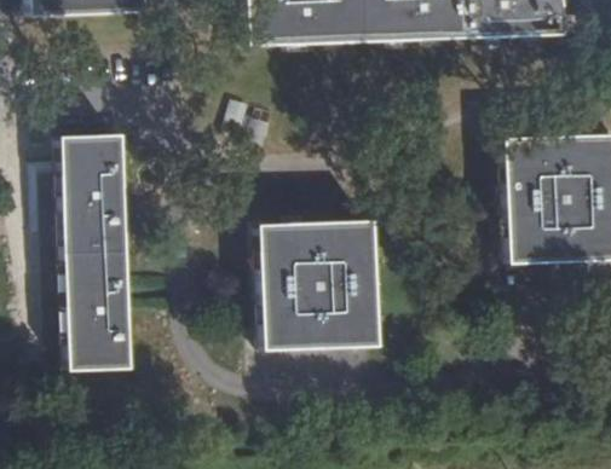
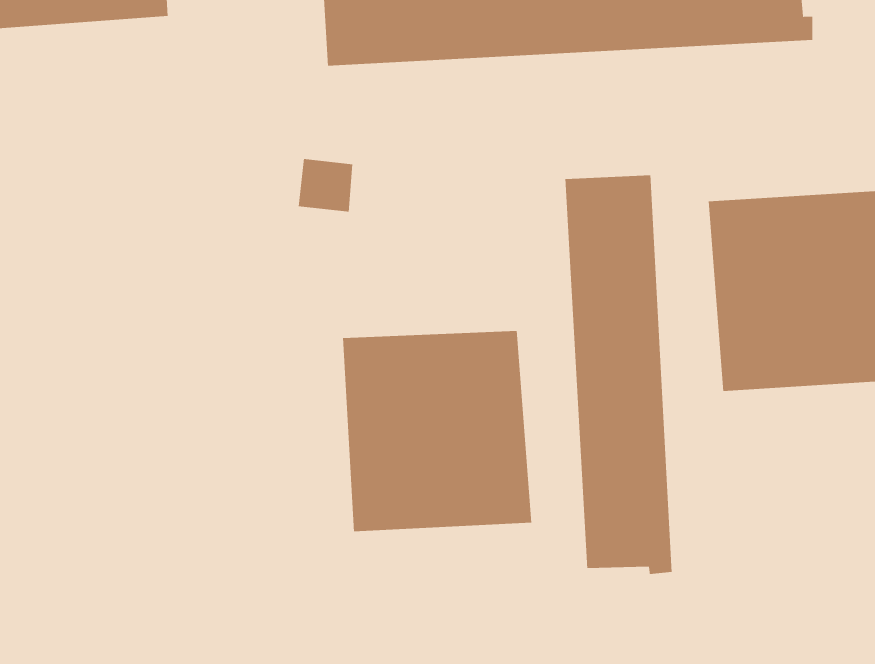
building: none -> [565,175,672,575]
building: [57,139,134,375] -> none

